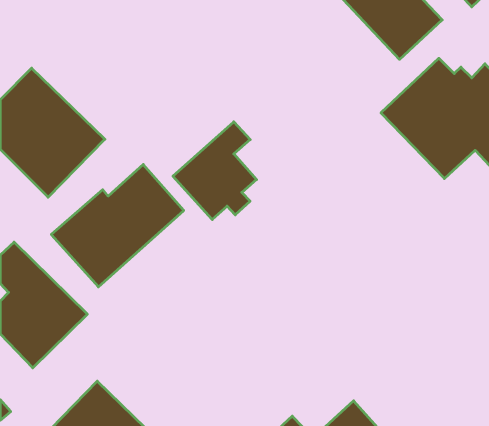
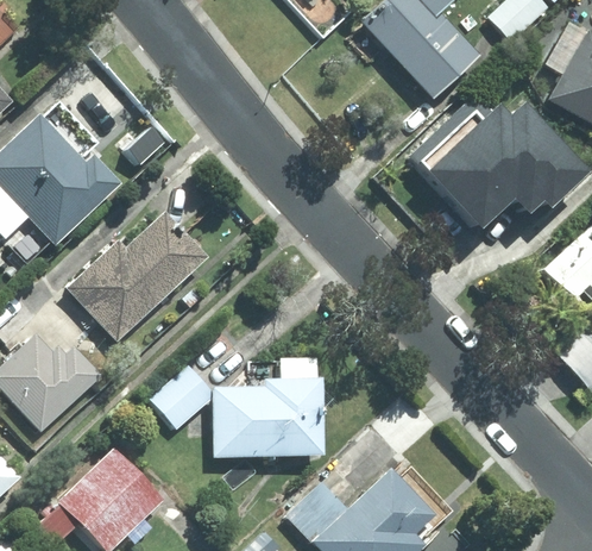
building: [173,122,257,220] -> none
building: none -> [145,361,319,458]

